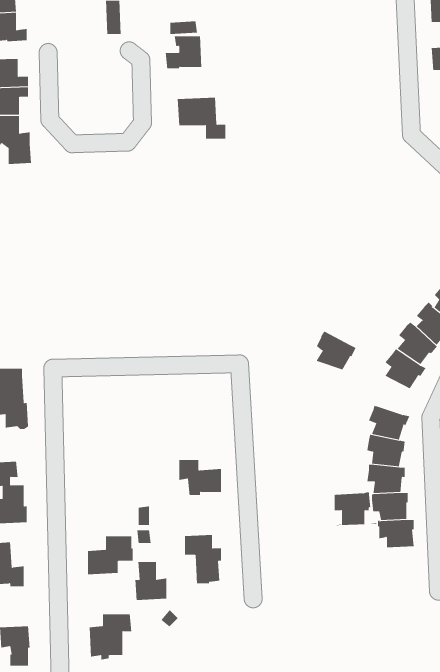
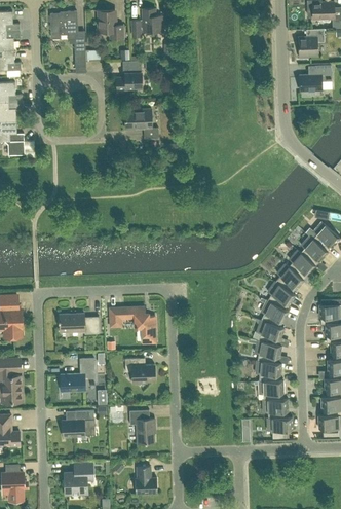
building: [316,331,356,370] -> [261,300,289,327]
building: none -> [110,306,156,342]
building: none -> [59,314,100,333]
building: none -> [61,358,94,391]
building: [329,491,377,526] -> [264,416,297,440]
building: [134,561,167,600] -> [135,466,157,493]

